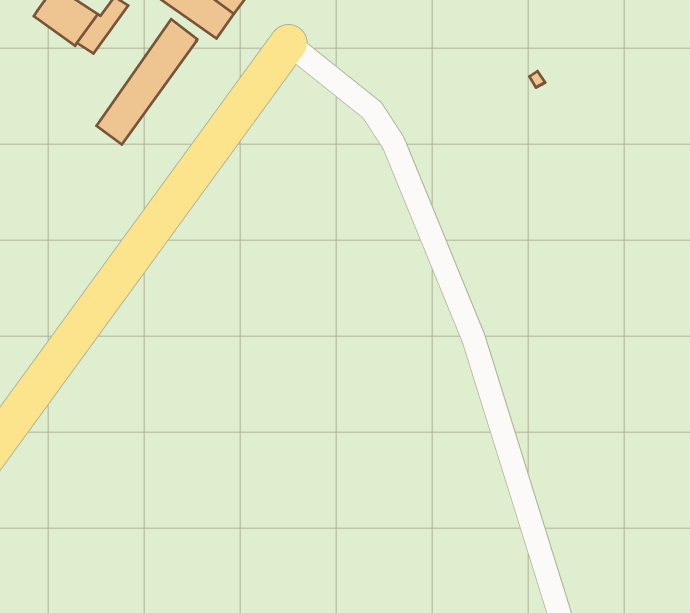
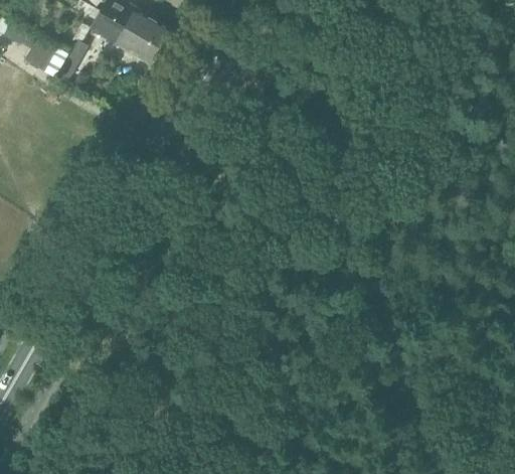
building: [96,19,197,144] -> none

